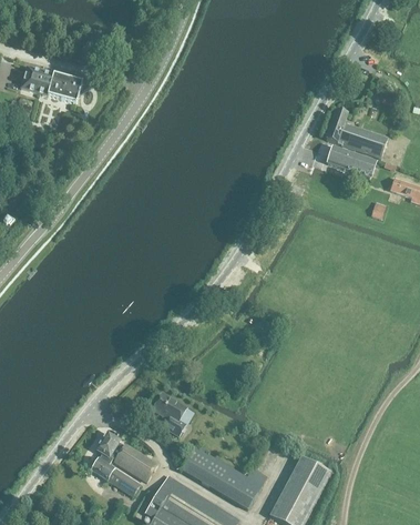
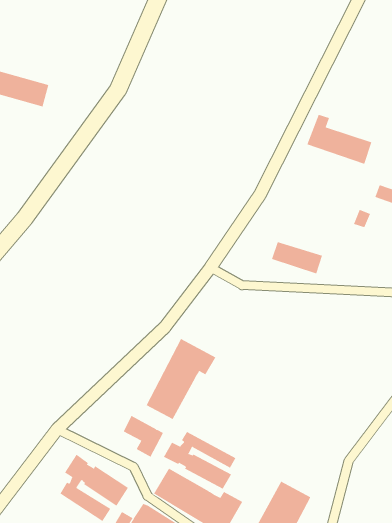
building: [327,147,376,178] -> [271,241,323,274]
building: none -> [146,338,216,420]
building: none -> [163,431,236,490]

